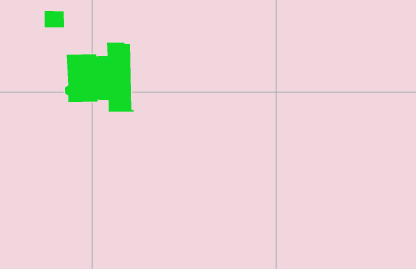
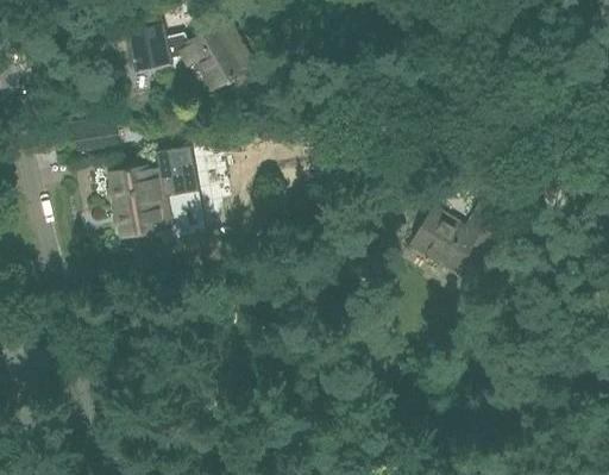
building: none -> [410,199,508,281]

